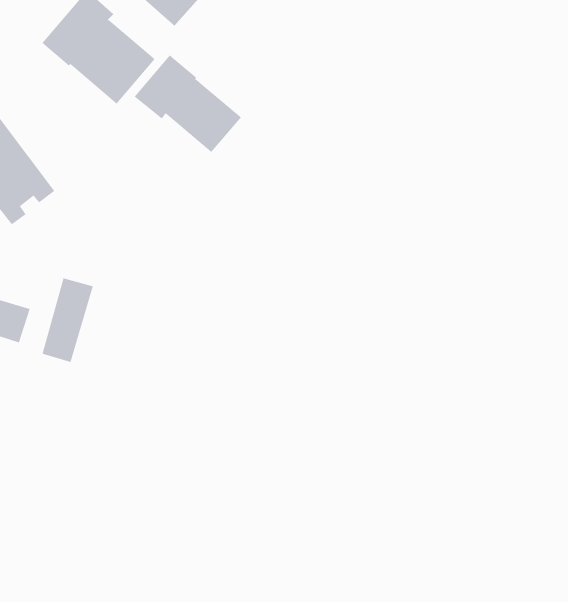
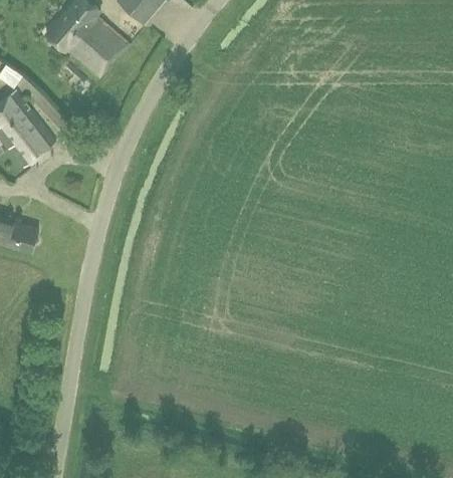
building: [134,54,242,153] -> none
building: [42,278,94,363] -> none

